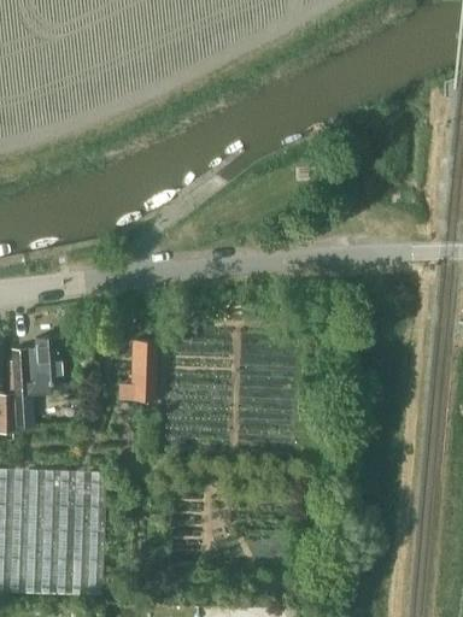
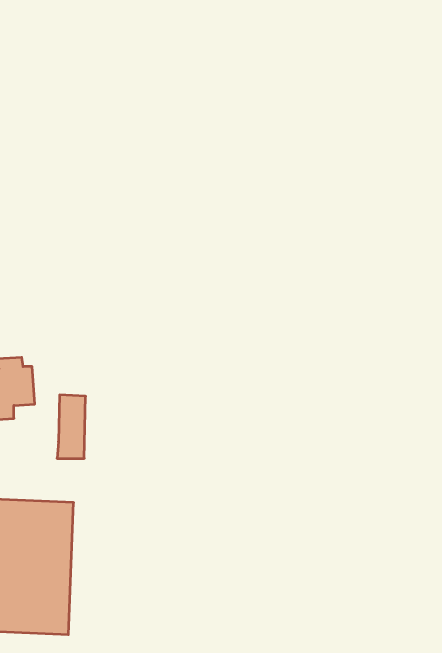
building: [129,340,156,399] -> [57,395,86,458]

